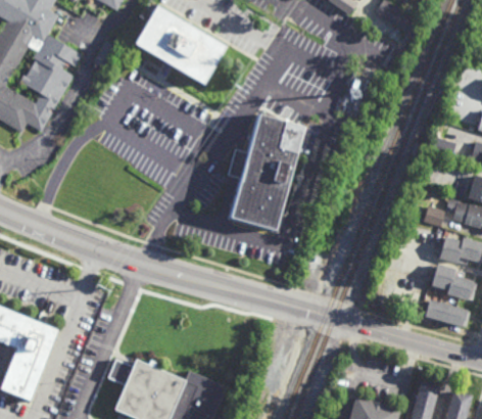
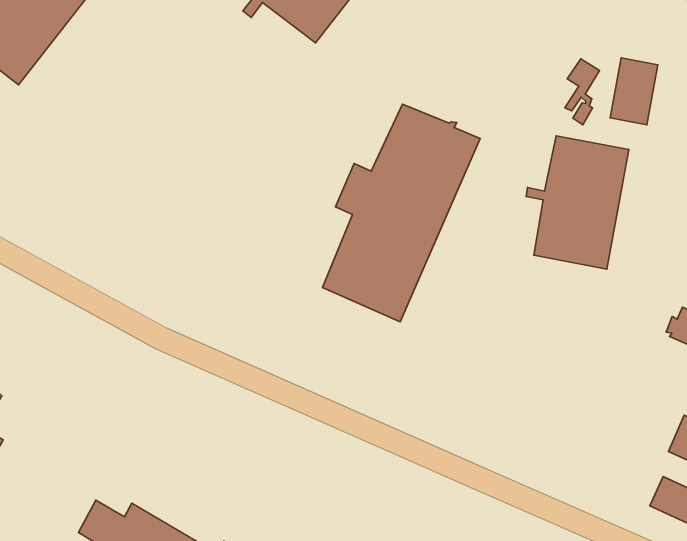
building: none -> [610,58,658,125]
building: none -> [526,136,629,269]

